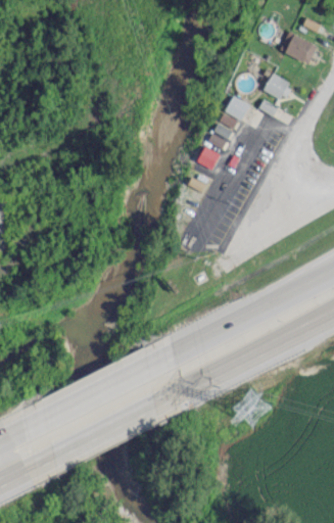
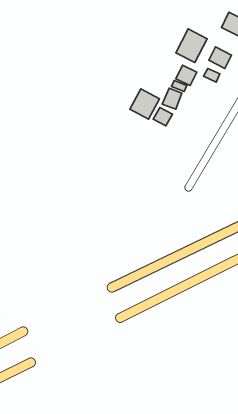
building: none -> [176,29,207,63]
building: none -> [130,89,159,119]

